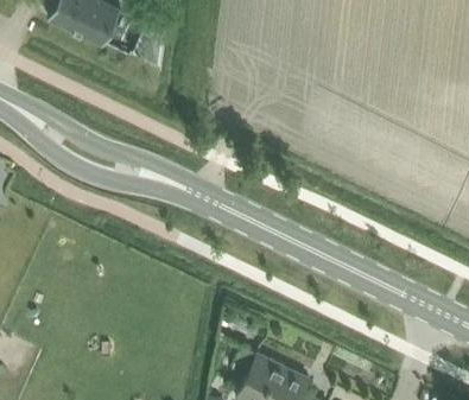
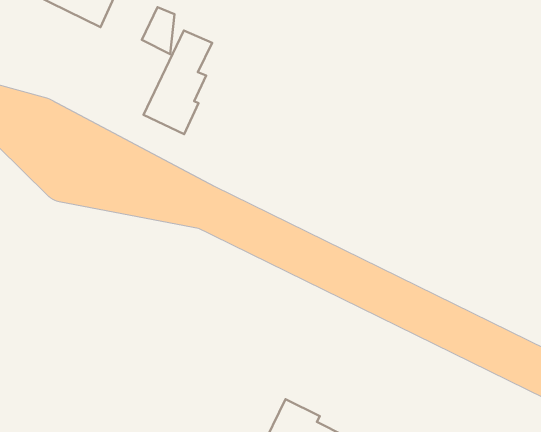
building: none -> [143,30,212,134]

